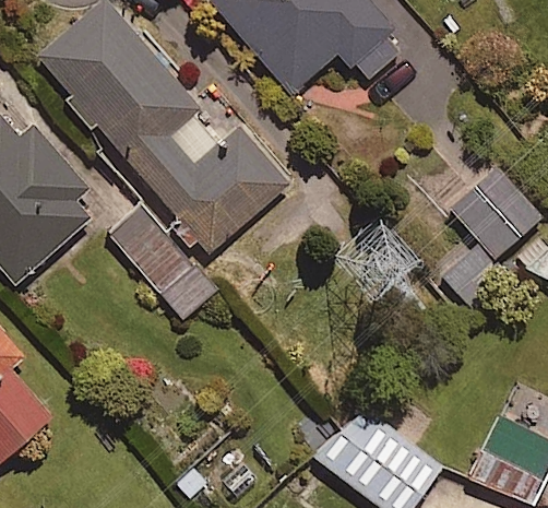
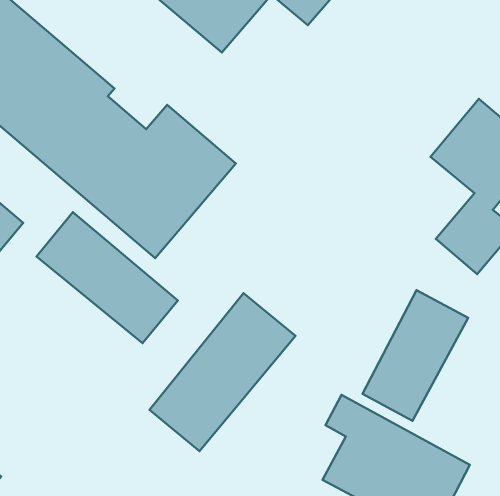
building: none -> [149,293,295,451]
building: none -> [363,290,468,421]

